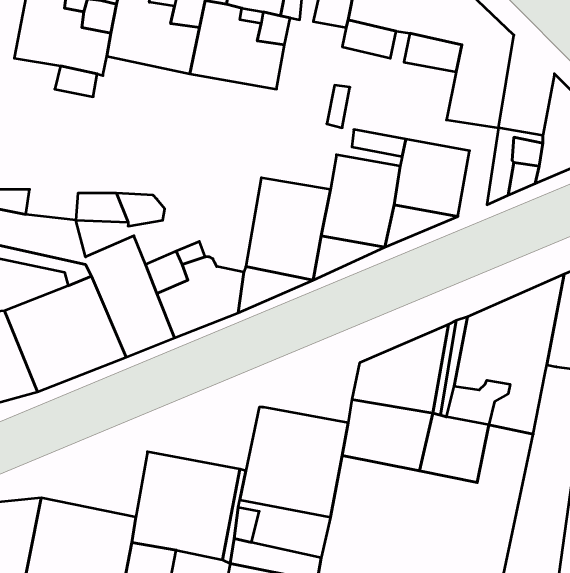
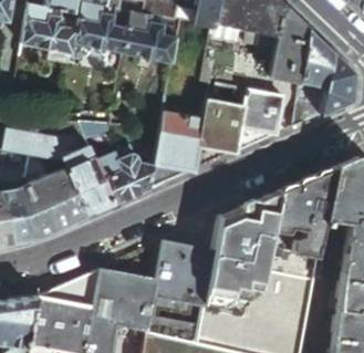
building: none -> [299,30,331,87]
building: none -> [37,269,97,307]

